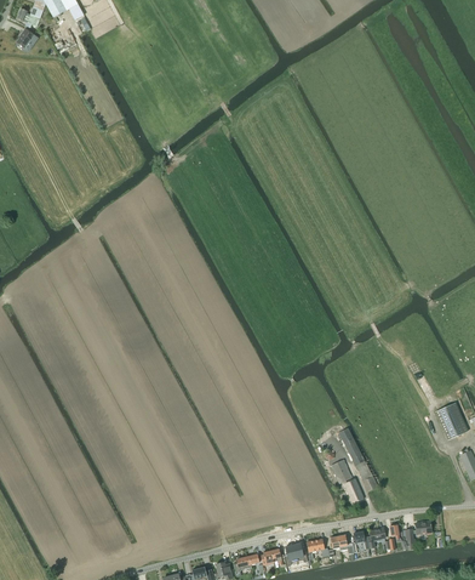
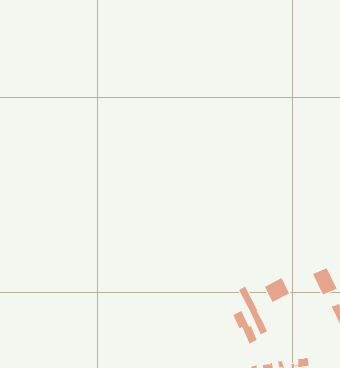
building: none -> [264,277,290,303]

